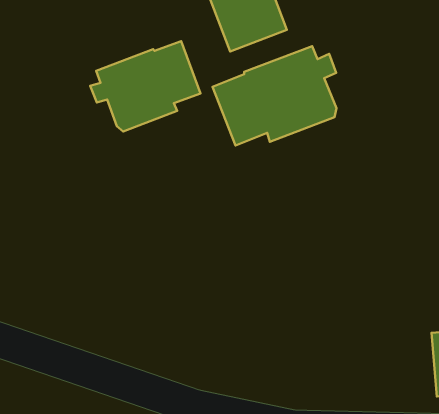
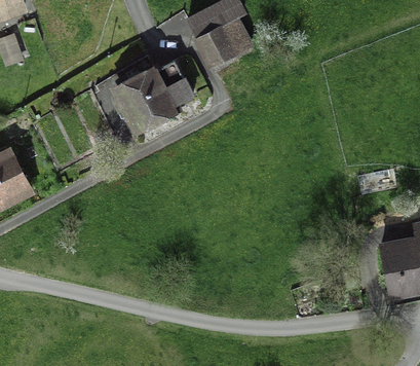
building: [212,46,336,145] -> none

